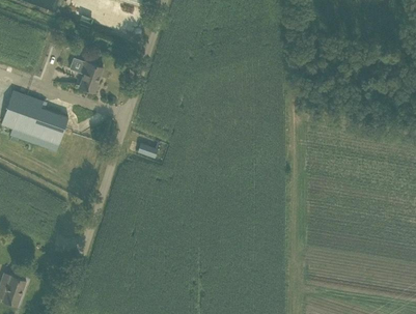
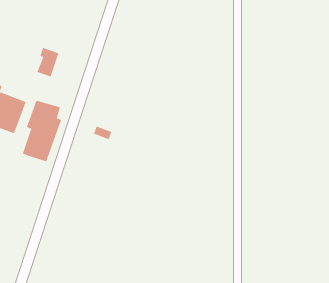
building: none -> [22,100,62,162]

